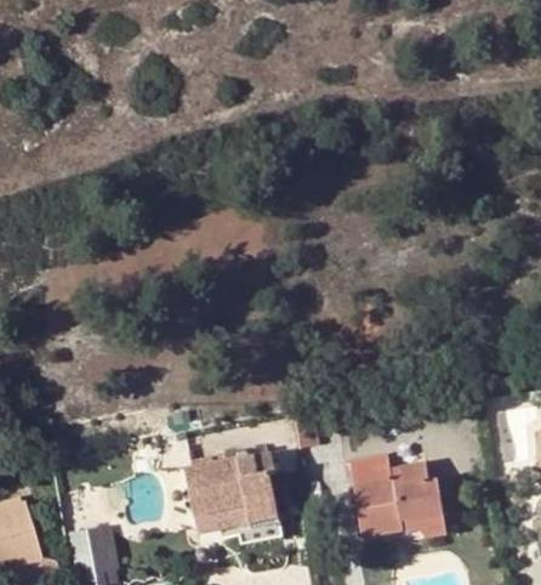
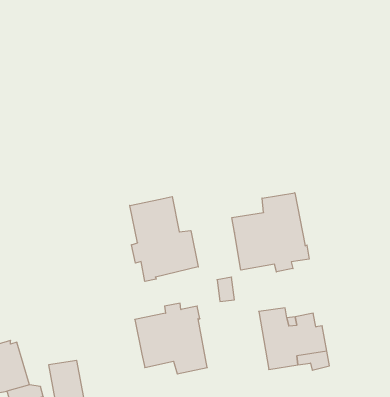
building: none -> [232,193,309,272]
building: none -> [130,197,198,281]

